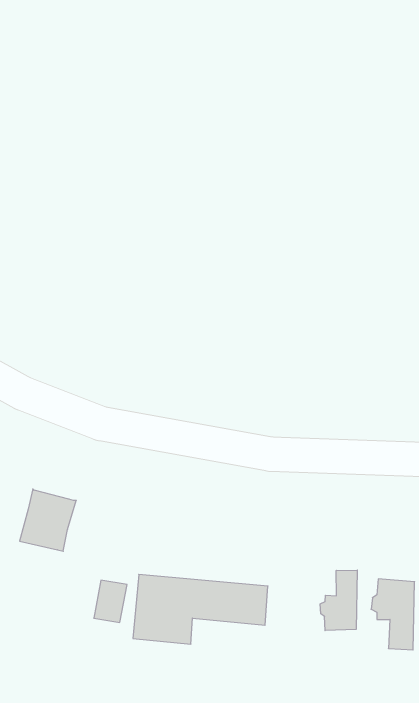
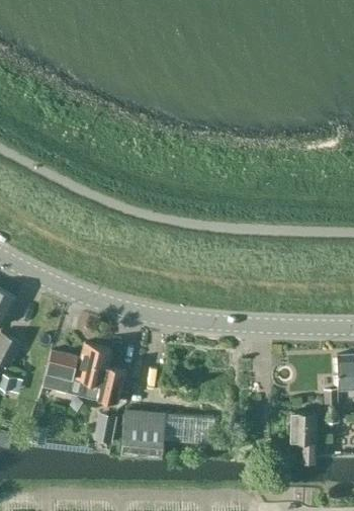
building: none -> [72,343,127,405]
building: [320,570,357,631] -> none

